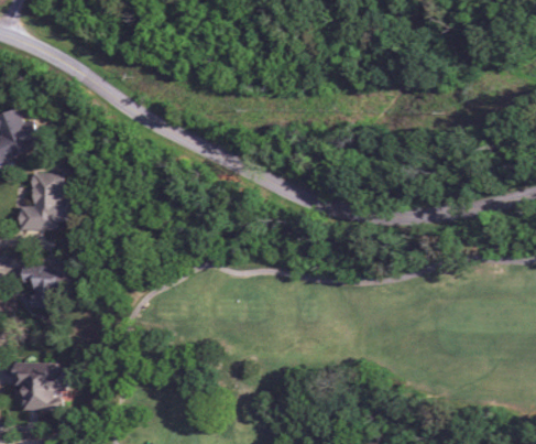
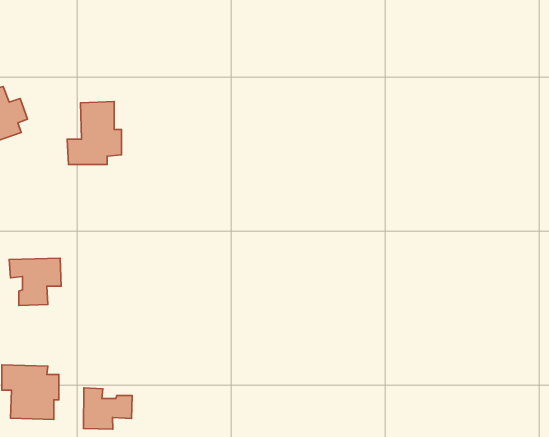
building: [17,173,66,230] -> [67,102,122,164]
building: none -> [84,388,132,429]

